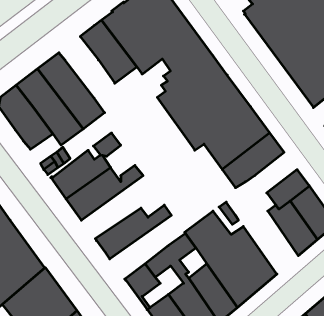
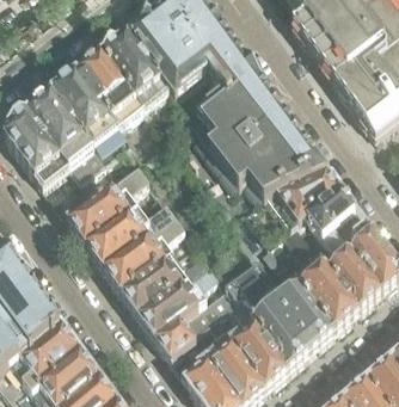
building: none -> [76,51,142,124]
building: none -> [307,187,357,235]
building: none -> [103,215,184,289]
building: none -> [282,222,358,331]
building: none -> [136,261,217,337]

